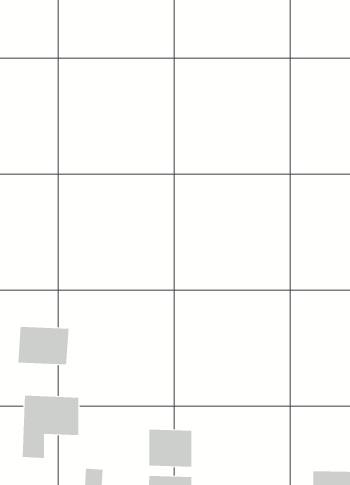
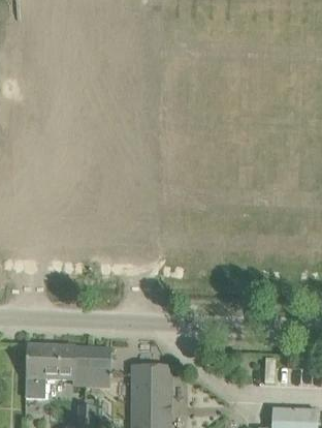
building: [18,326,69,365] -> none
building: none -> [72,344,111,384]

